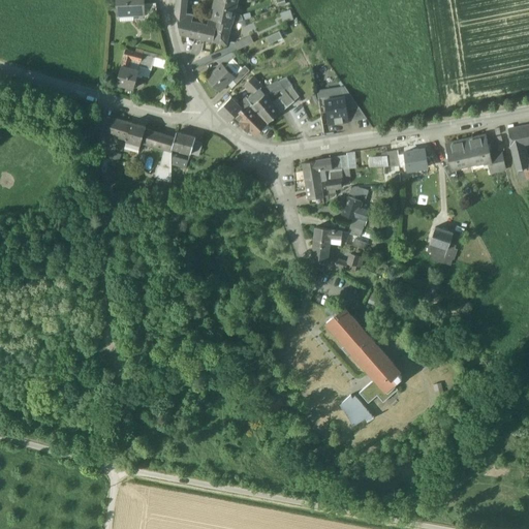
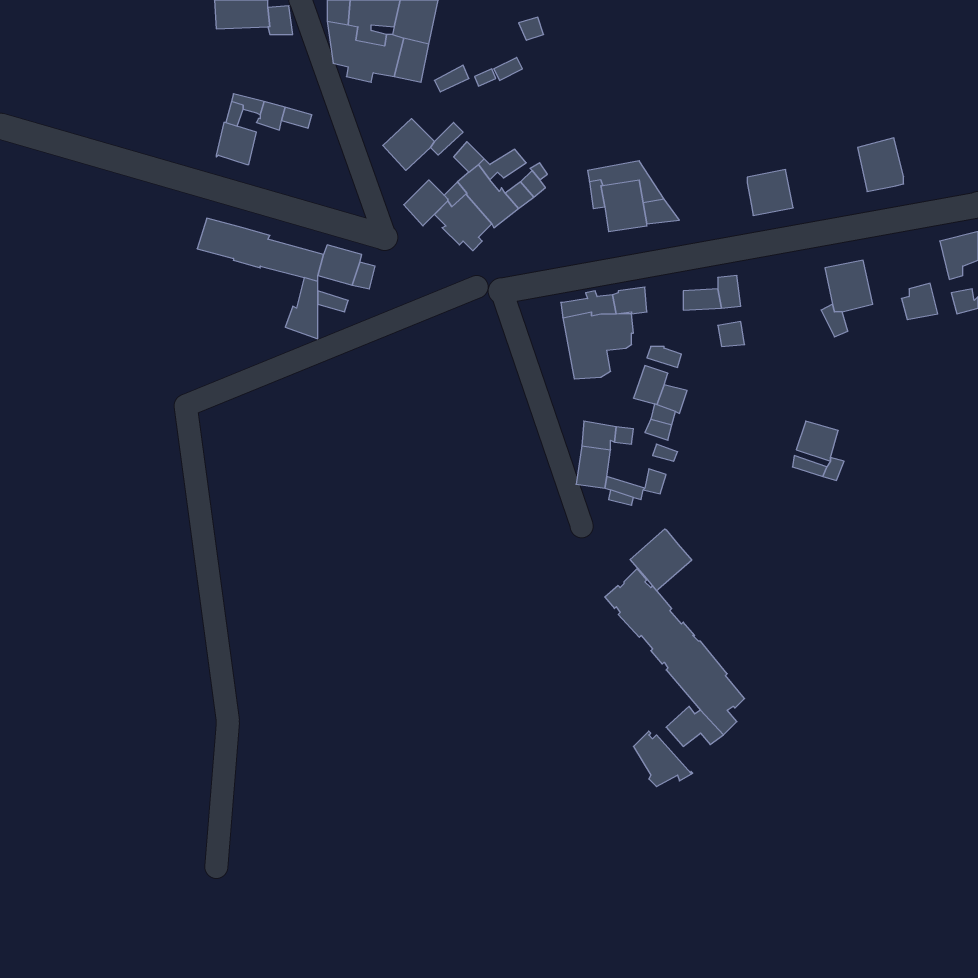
building: [466,135,491,164] -> [858,138,904,192]
building: [404,148,429,173] -> [747,170,793,215]
building: none -> [630,529,692,591]

